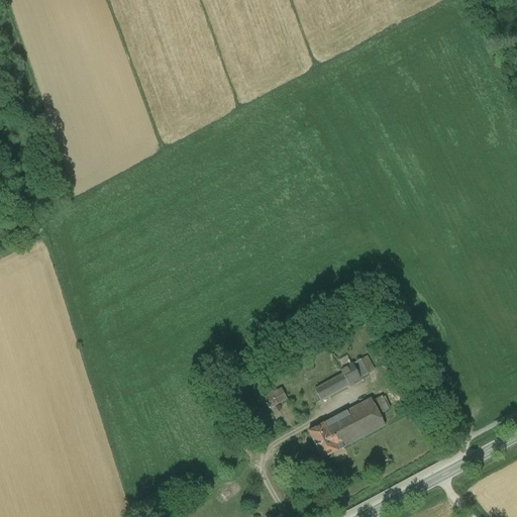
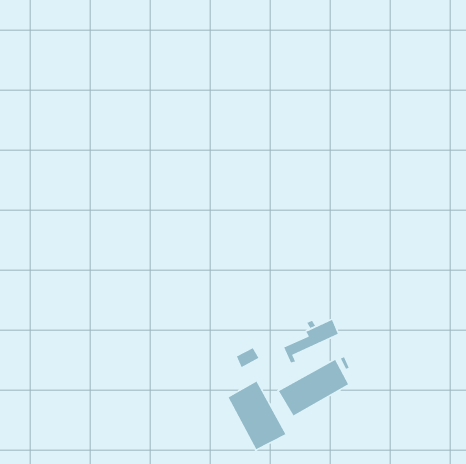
building: none -> [227,380,287,450]

